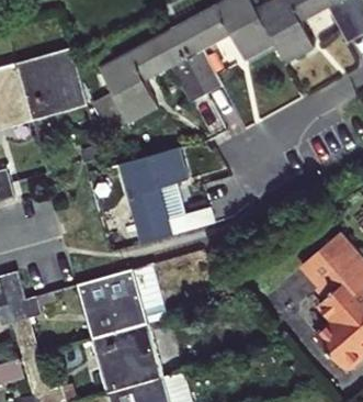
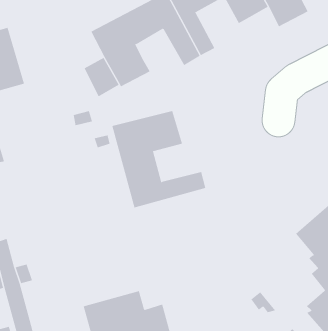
building: [18,48,87,120] -> none
building: [77,266,166,339] -> none

